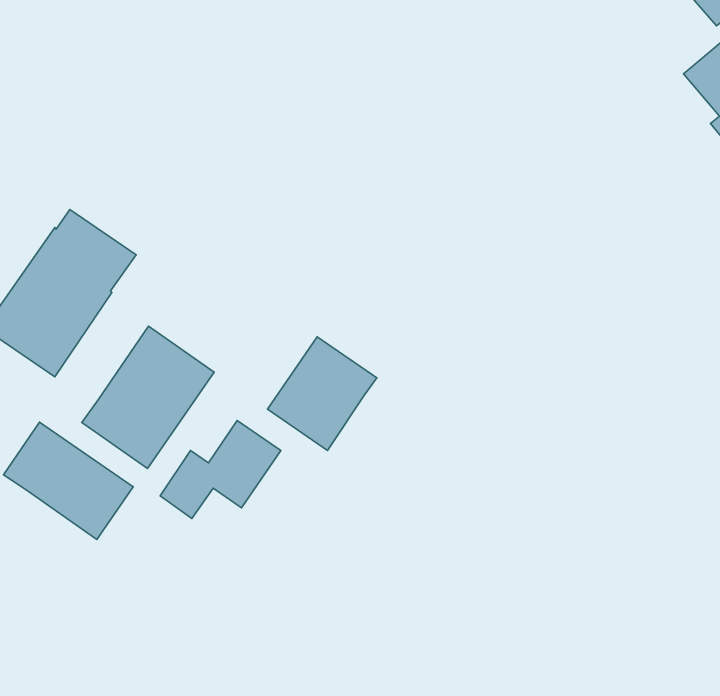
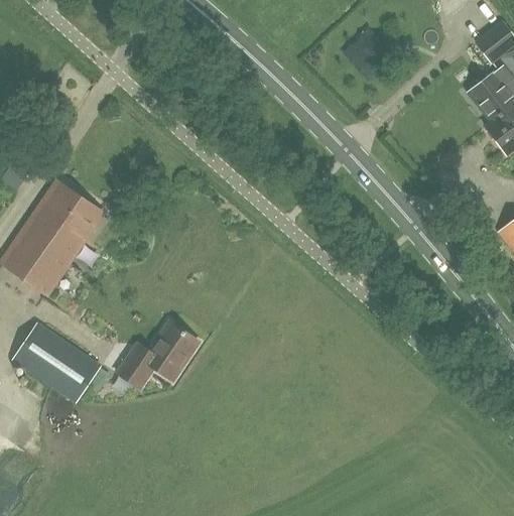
building: [82,326,214,468] -> none
building: [268,337,377,450] -> none

